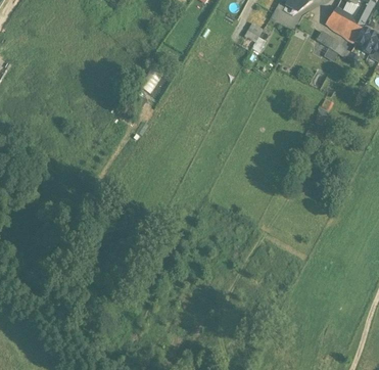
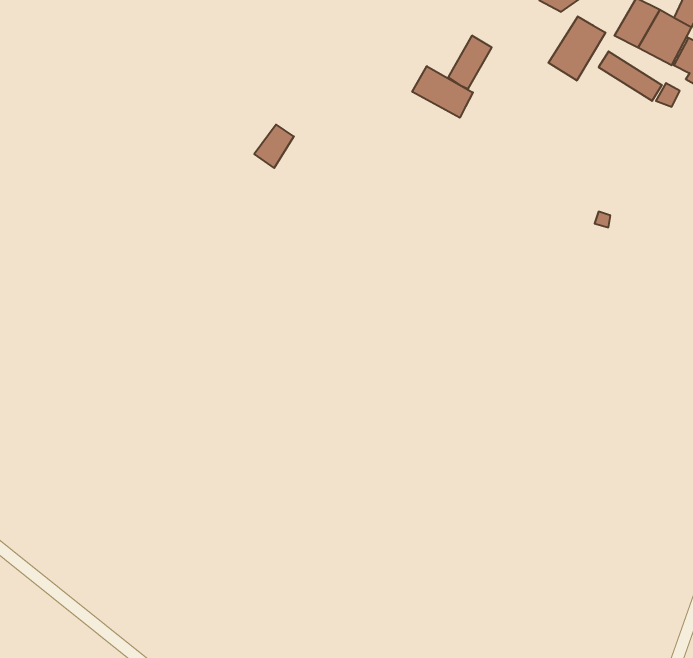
building: none -> [548,16,605,81]
building: none -> [412,66,473,118]

